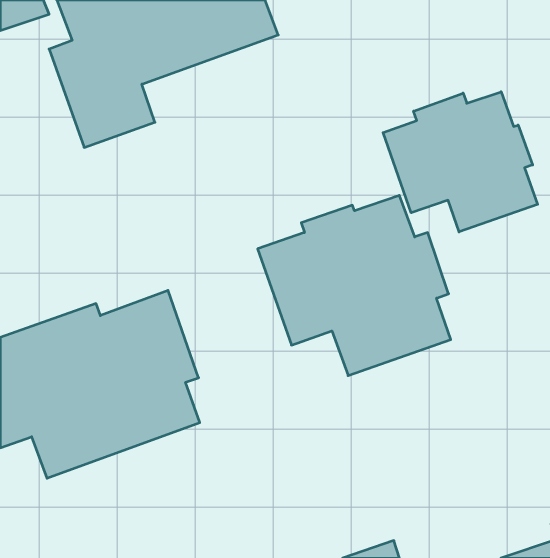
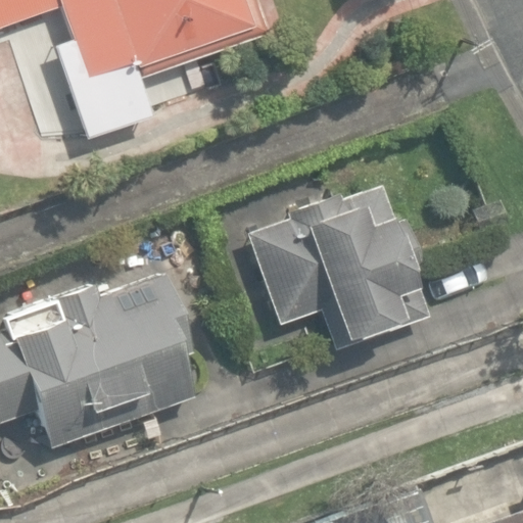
building: [383,92,538,232] -> none

